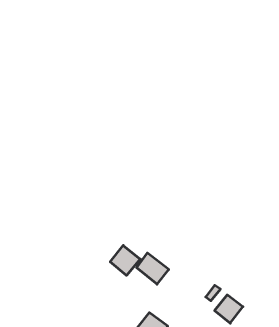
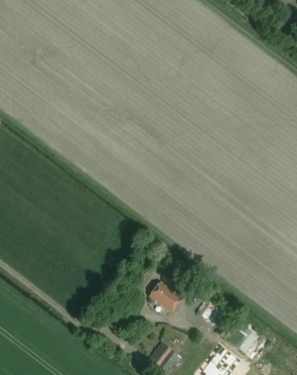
building: [110,245,140,275] -> none

